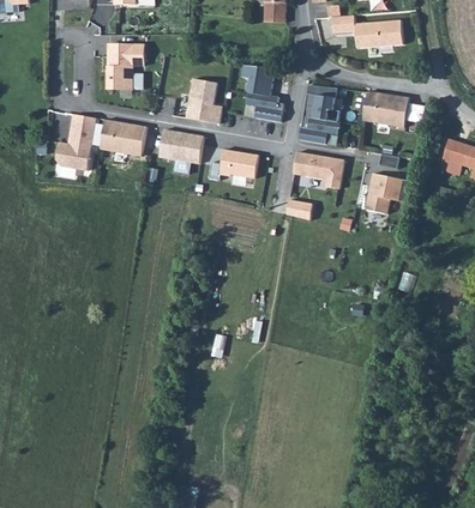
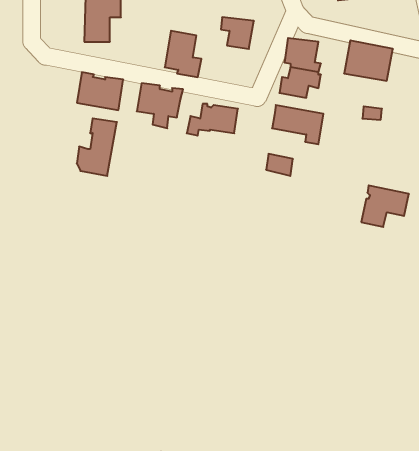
building: [245,92,283,122] -> none
building: [56,114,96,170] -> [77,118,117,176]
building: [365,173,411,213] -> [361,185,409,227]

